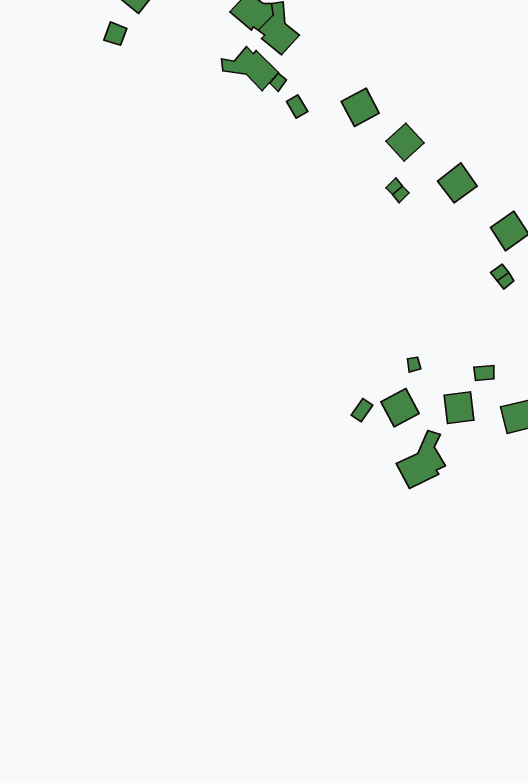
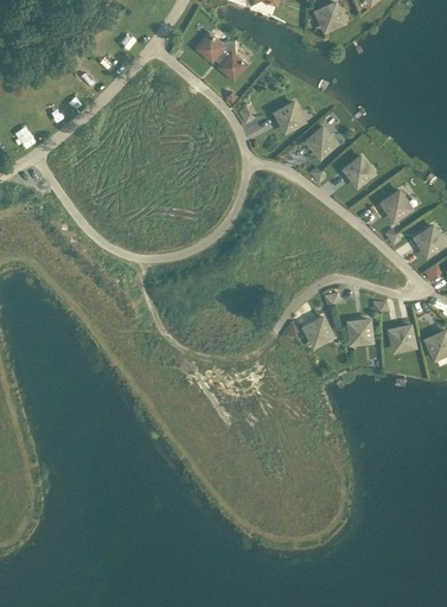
building: [222,46,279,91] -> none
building: [396,431,446,488] -> none

